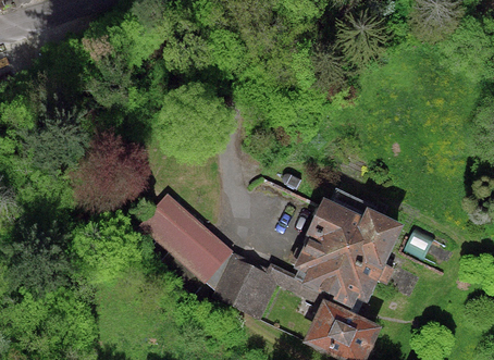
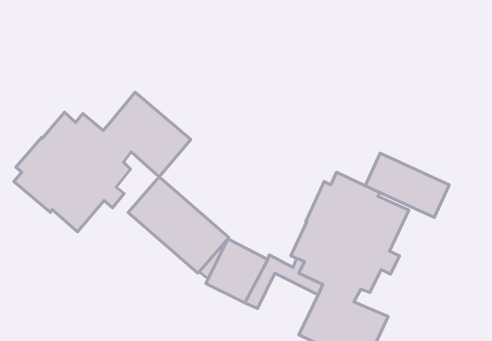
building: none -> [14,92,191,232]
building: none -> [365,153,449,217]

